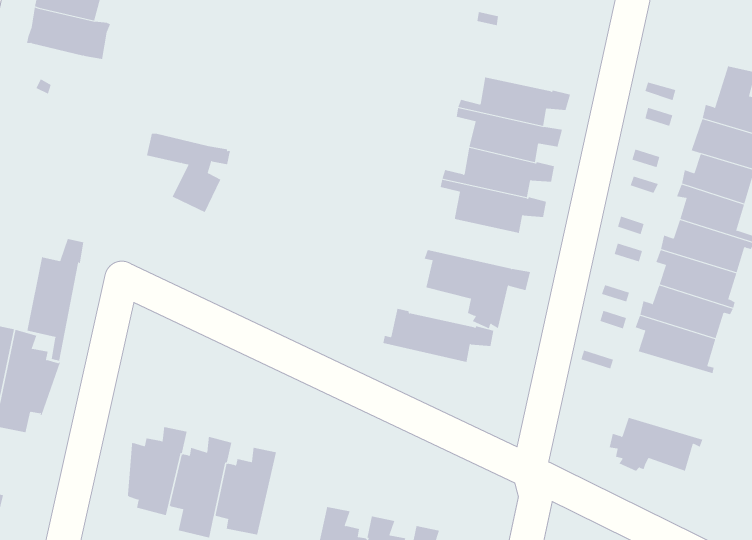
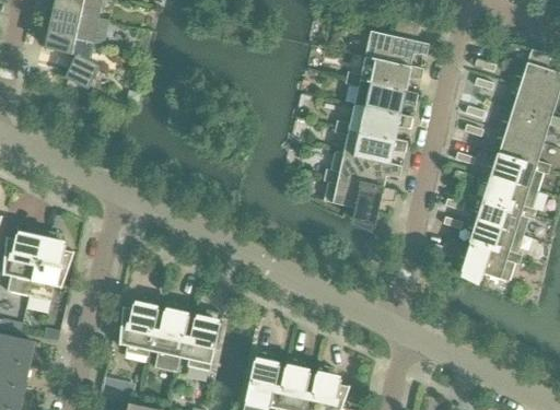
building: none -> [364,32,429,67]
building: [146,133,231,213] -> [47,34,105,89]
building: [27,238,84,361] -> none
building: [382,308,494,362] -> [325,151,401,188]
building: [609,417,703,471] -> [456,245,521,282]

